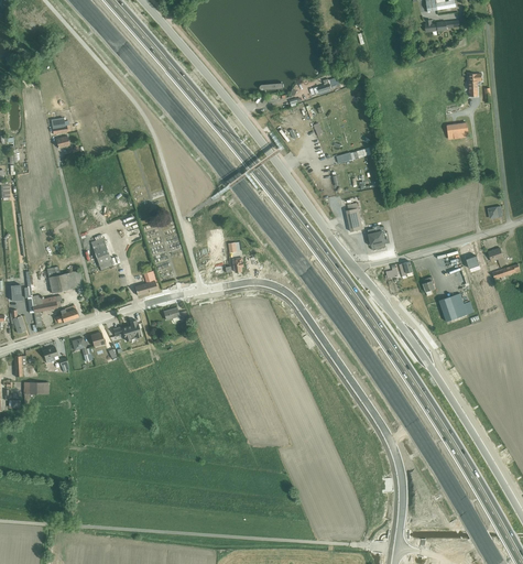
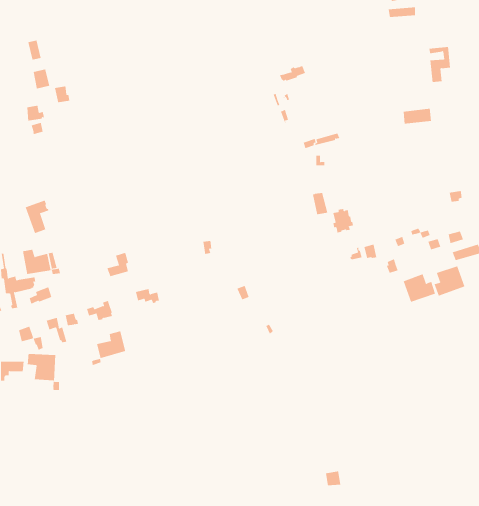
building: [90,235,116,270] -> [25,200,49,234]
building: none -> [434,265,465,297]
building: none -> [91,331,126,366]
building: none -> [27,353,60,391]

